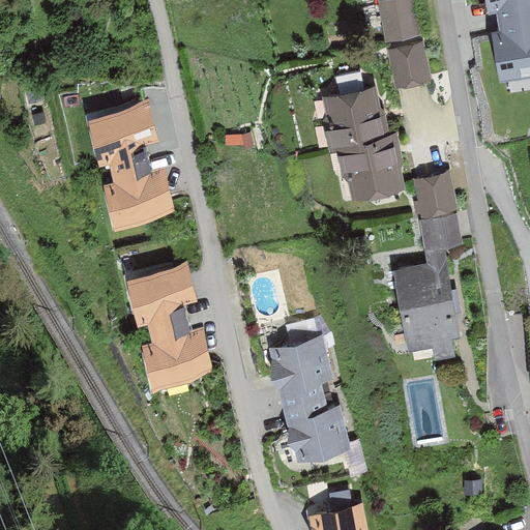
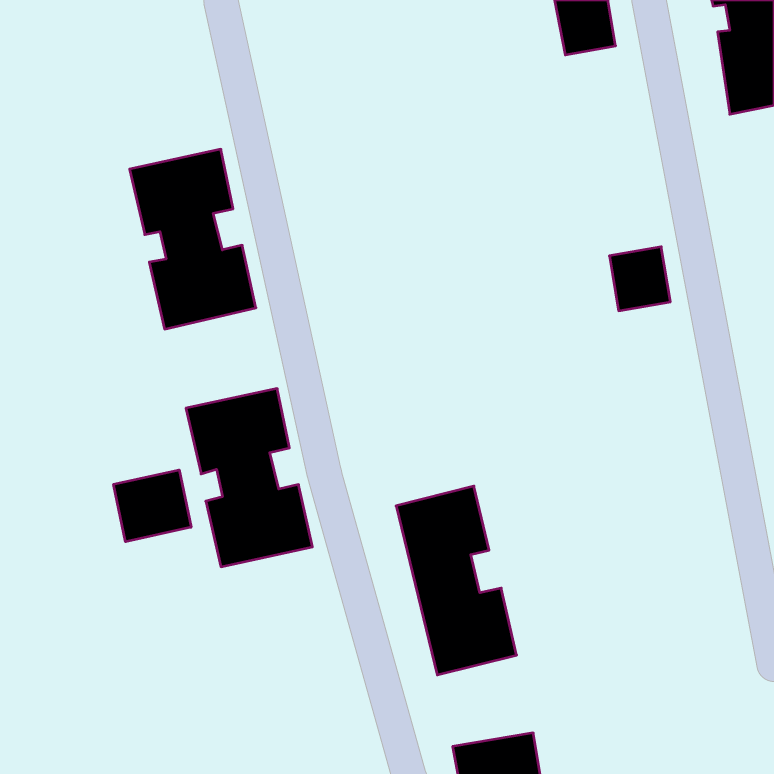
building: [390,43,430,85] -> none
building: [319,83,405,197] -> none
building: [393,212,463,351] -> none
building: none -> [114,470,191,542]

